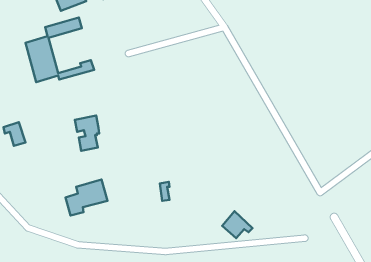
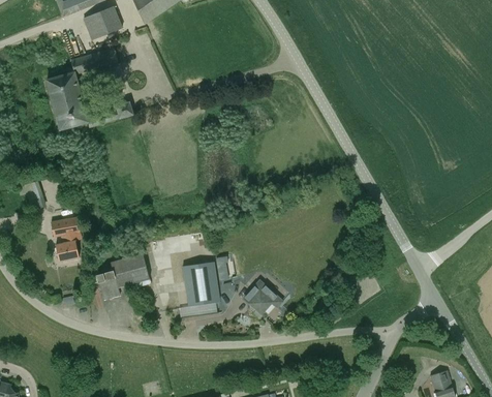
building: [75,116,99,151] -> [50,217,81,262]
building: none -> [181,262,219,307]
building: [222,211,252,238] -> [243,280,281,314]

